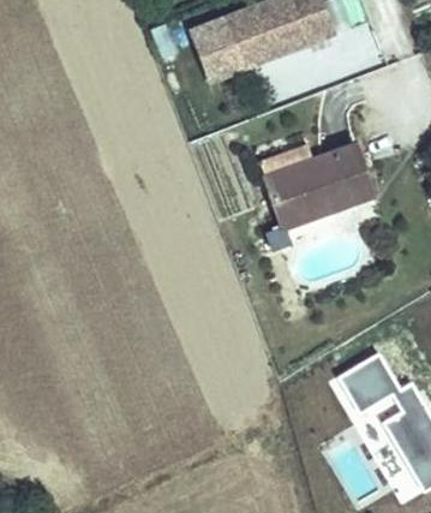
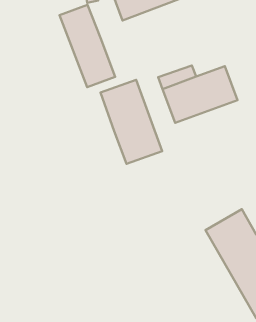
building: none -> [60,5,115,87]
building: none -> [100,80,162,164]

